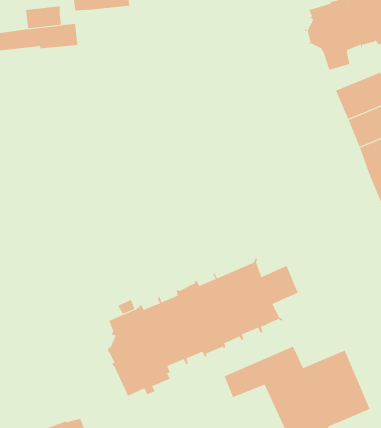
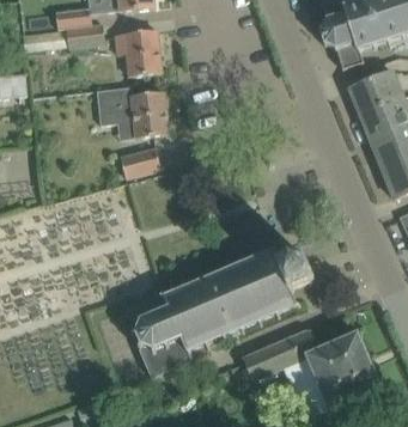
building: none -> [114,29,162,75]
building: none -> [96,86,168,138]
building: none -> [120,147,160,177]

